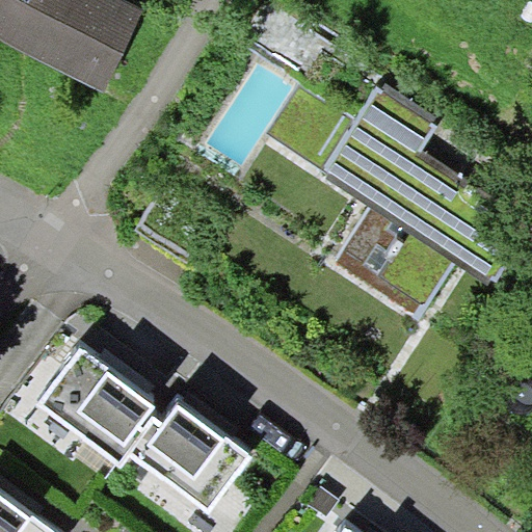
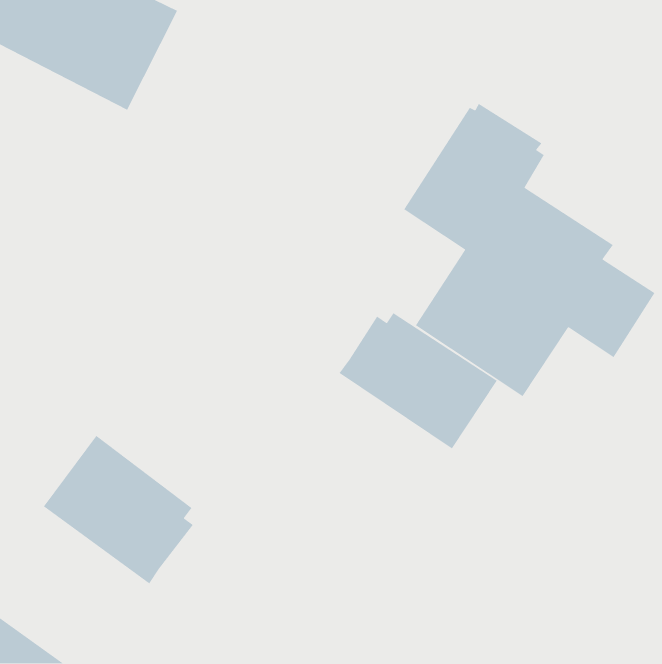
building: none -> [339,312,498,450]
building: [128,401,249,512] -> none

